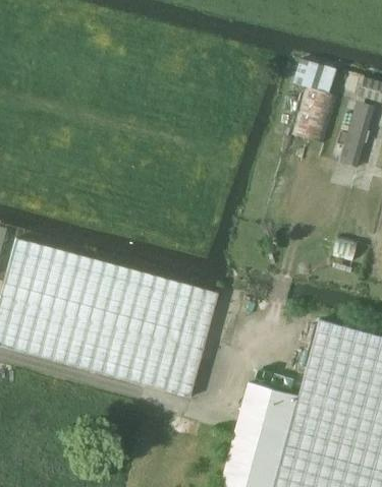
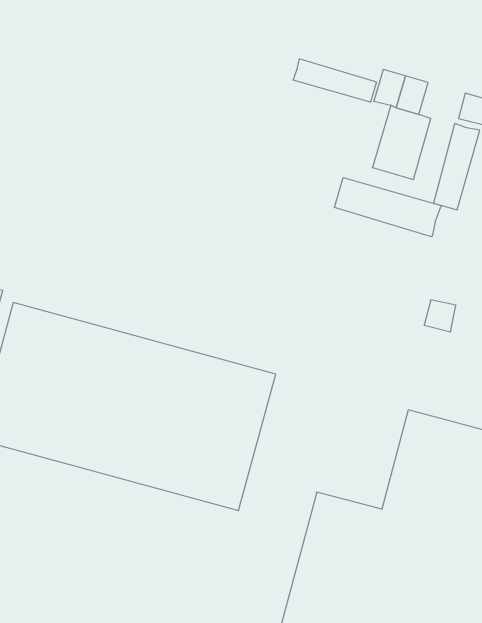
building: none -> [293,59,377,102]
building: none -> [335,178,441,237]

